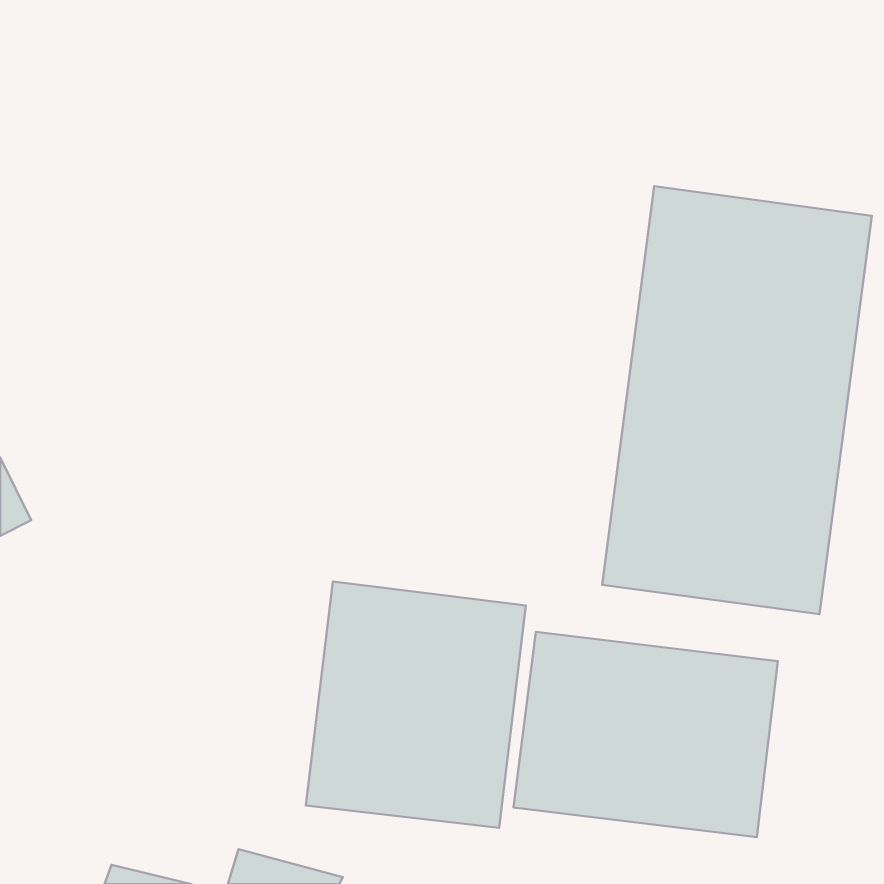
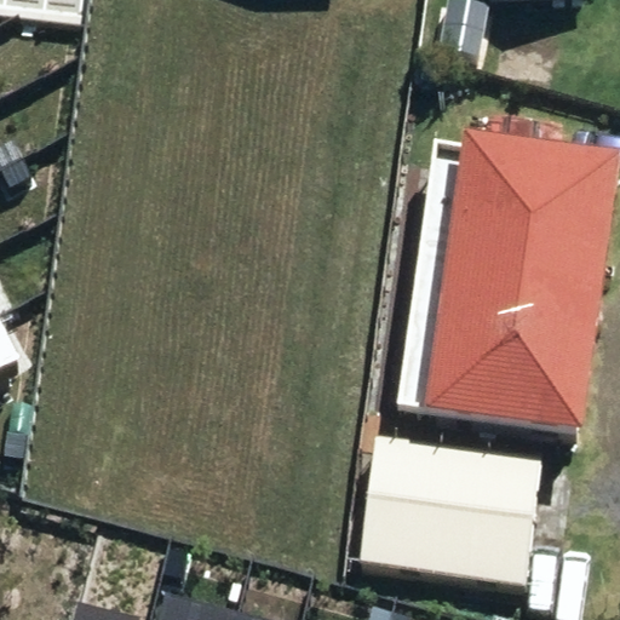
building: [306,582,526,828] -> none

